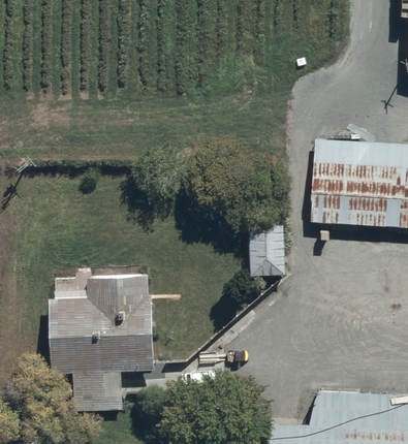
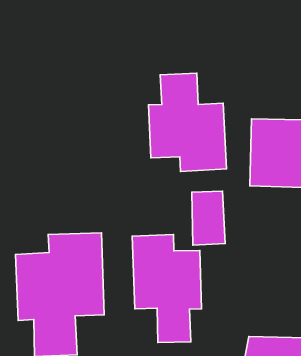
building: none -> [149,73,227,171]
building: none -> [132,235,201,343]

